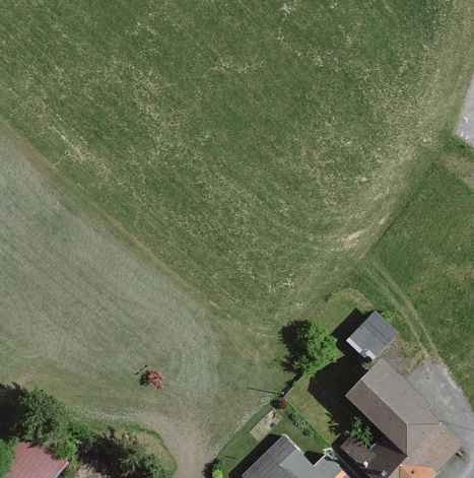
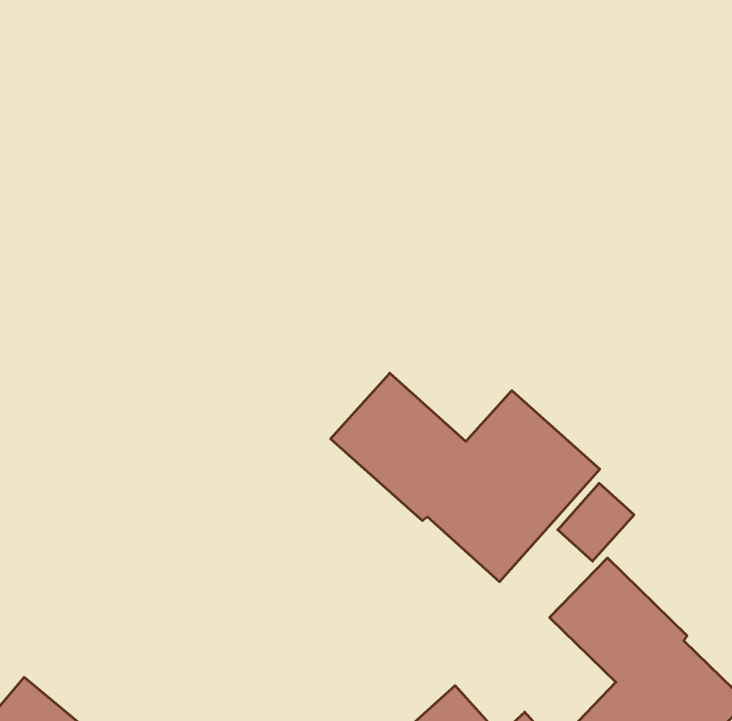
building: none -> [331,373,600,582]

